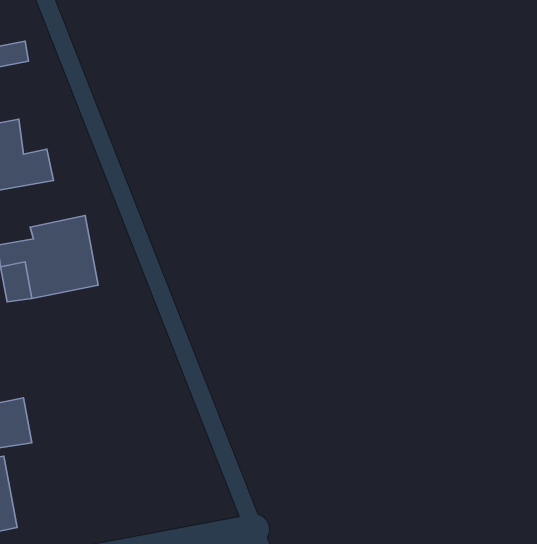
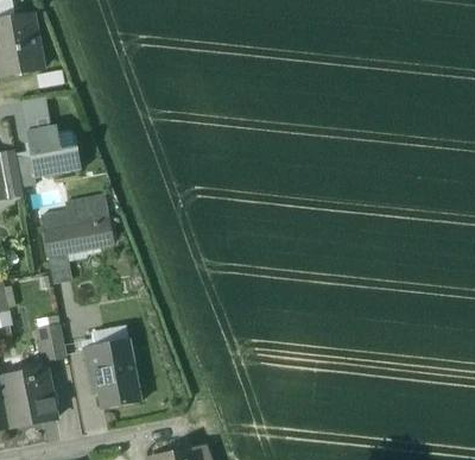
building: none -> [83,340,140,408]

